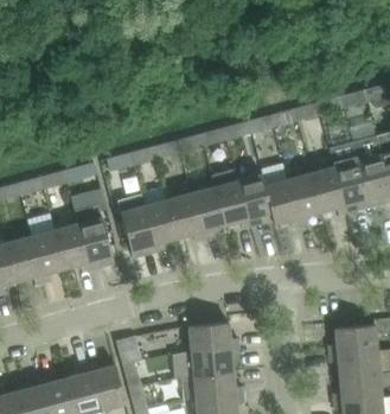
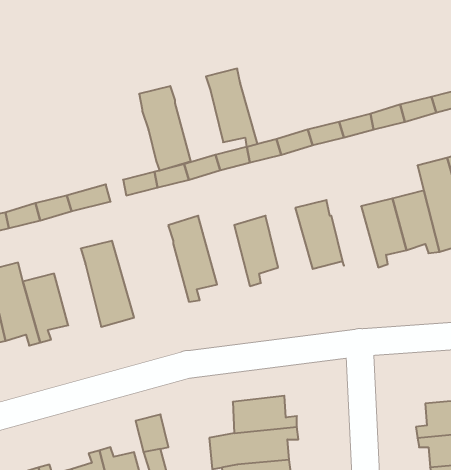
building: [211,170,250,229] -> [206,69,258,147]
building: [264,179,300,228] -> none
building: [167,193,203,241] -> none
building: [117,195,156,259] -> [139,86,191,171]
building: [55,223,90,272] -> none

